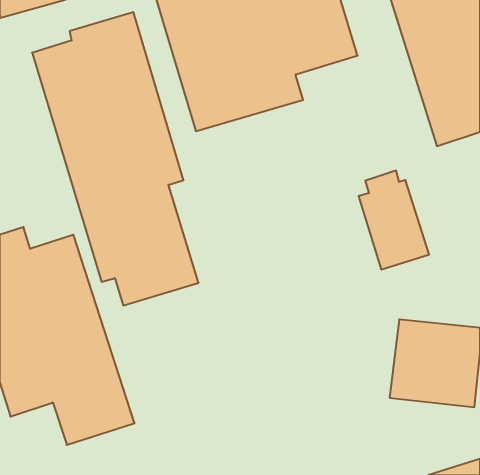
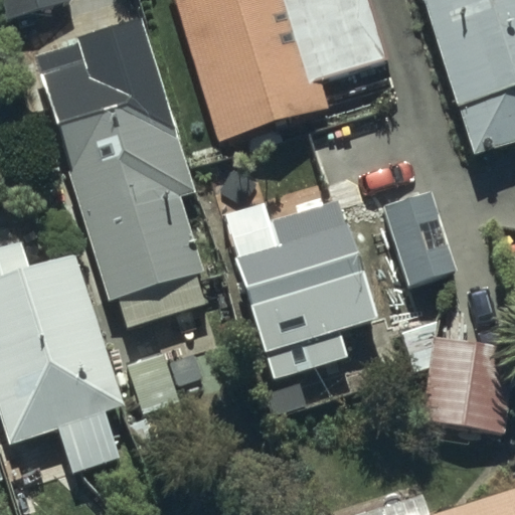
building: none -> [238,200,379,380]

